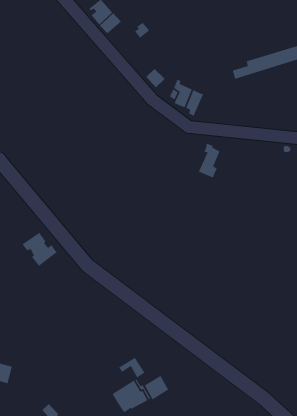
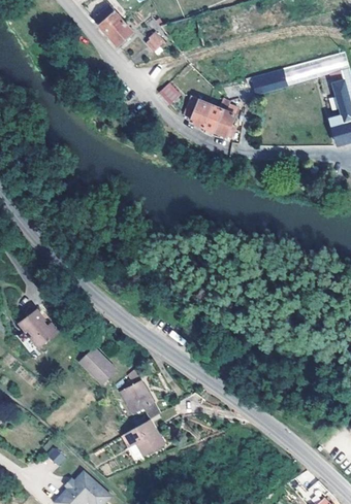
building: [198,143,221,179] -> [214,99,238,138]
building: [22,232,58,267] -> [20,309,59,347]
building: none -> [78,349,117,388]
building: [144,375,169,400] -> [120,379,148,407]

